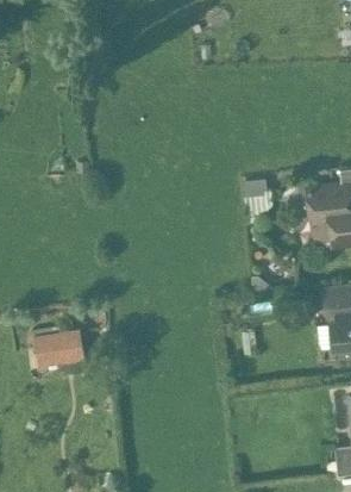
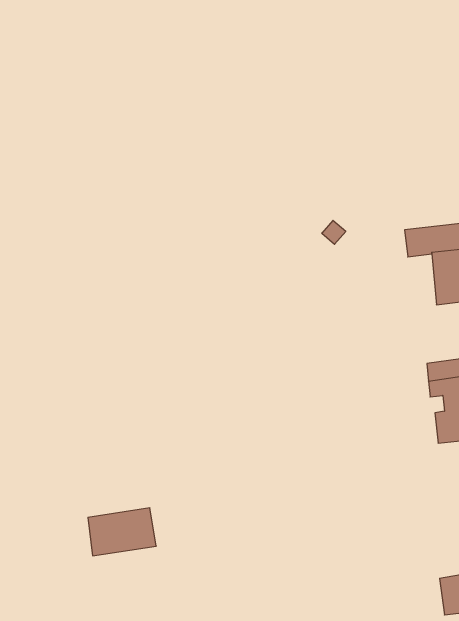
building: [32,332,83,368] -> [88,508,156,556]

